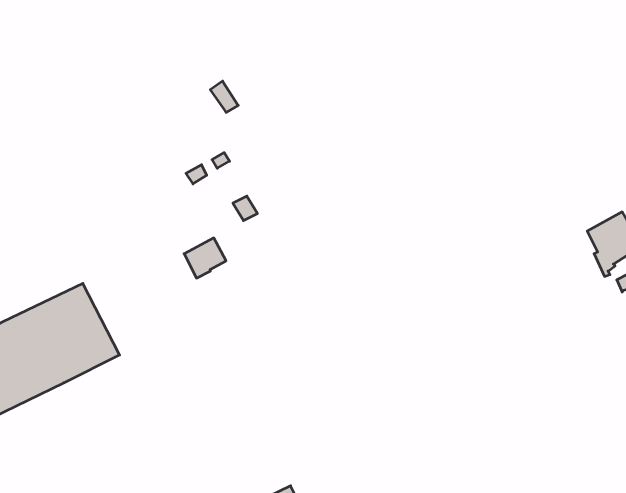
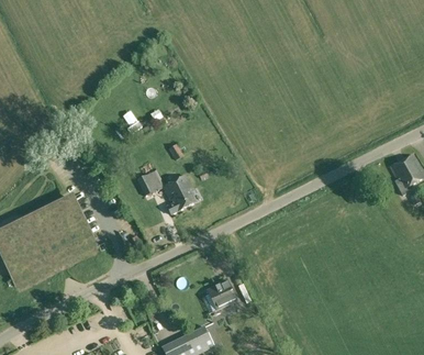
building: none -> [164,175,197,214]
building: none -> [208,279,236,310]

